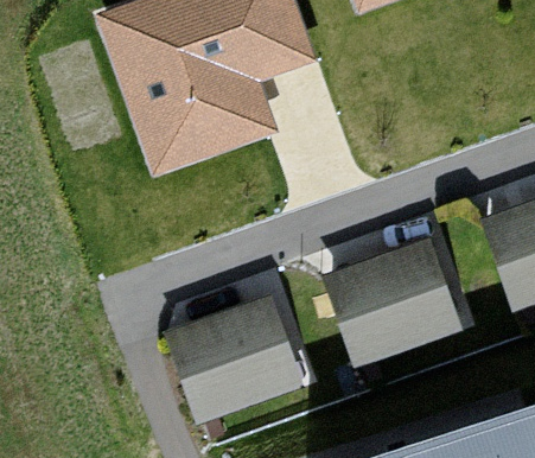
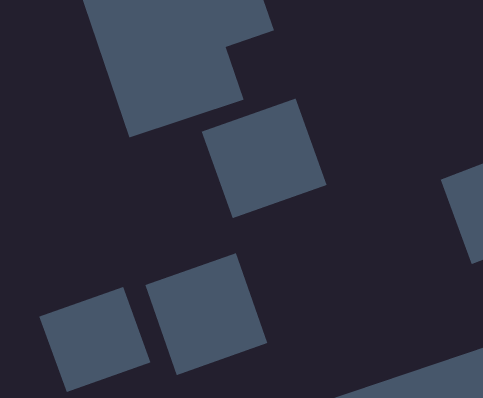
building: [321,240,456,368] -> [201,98,328,219]
building: none -> [39,286,151,393]

